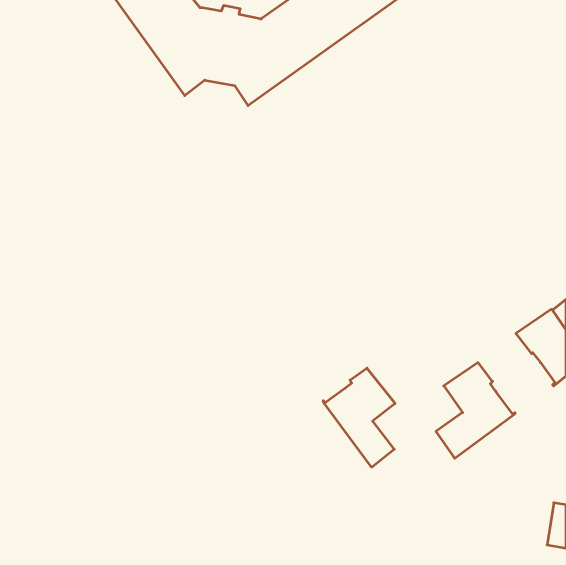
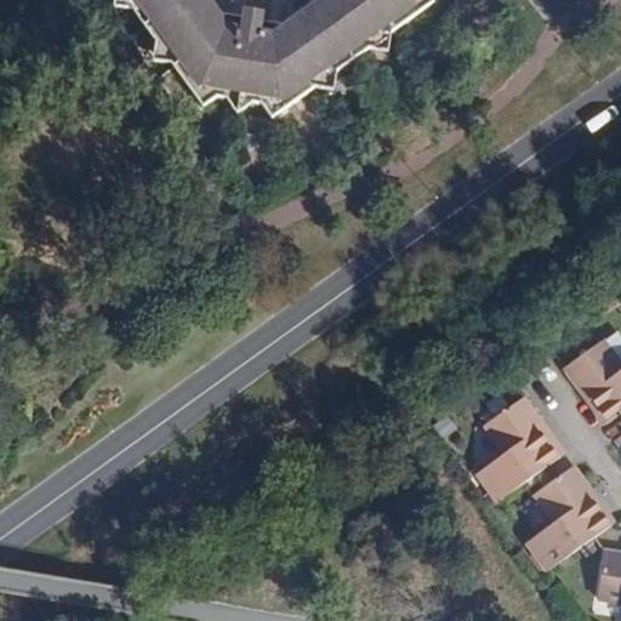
building: [323,368,395,467] -> none
building: none -> [525,463,611,568]

